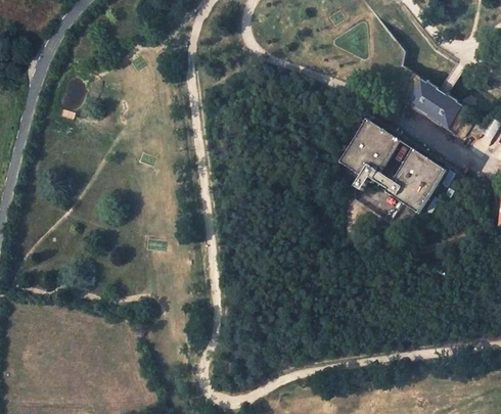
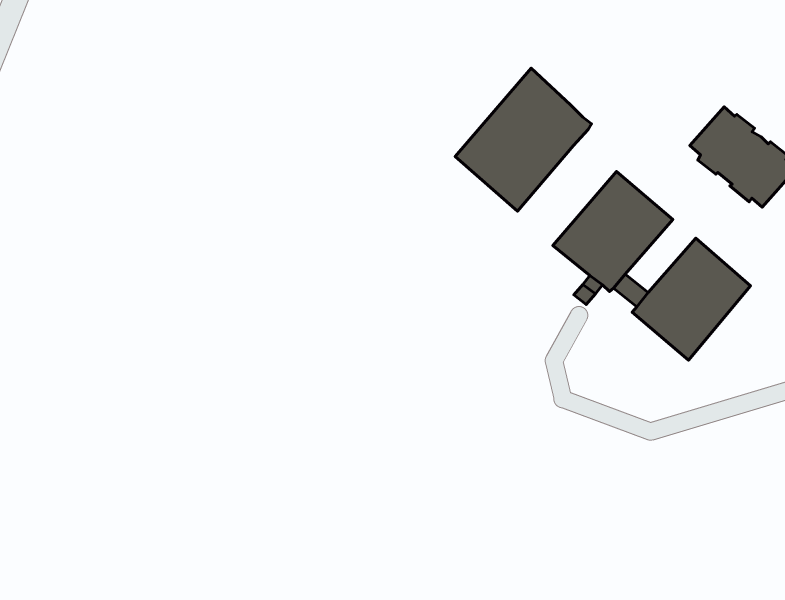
building: none -> [455,68,591,211]

